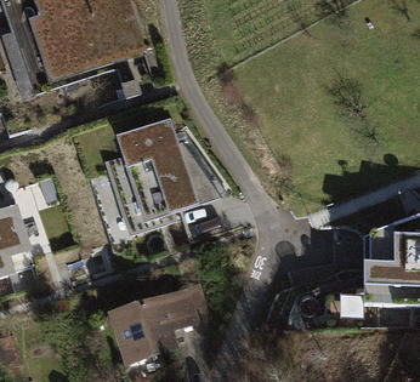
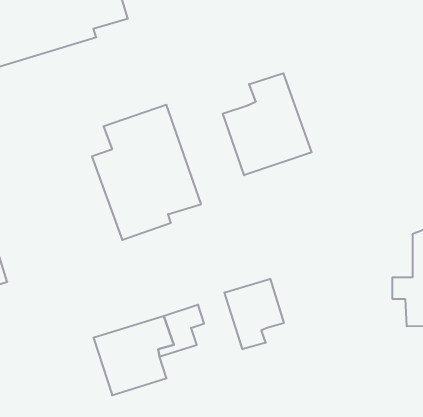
building: none -> [223,73,312,175]
building: none -> [224,279,284,349]

